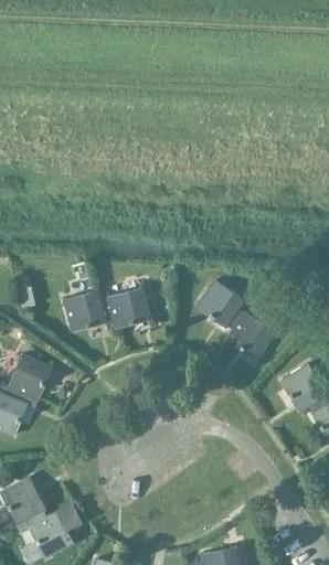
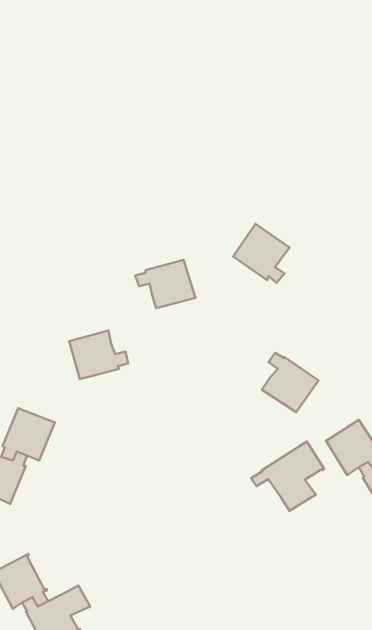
building: [197,279,244,329] -> [233,224,290,283]
building: [99,287,150,328] -> [135,260,195,308]
building: none -> [251,442,324,511]

